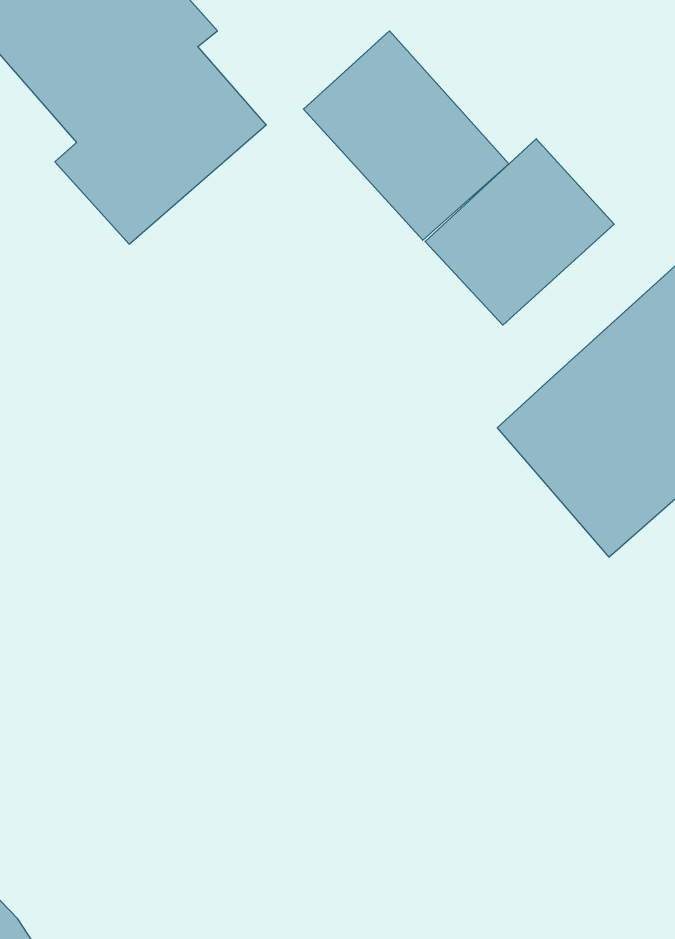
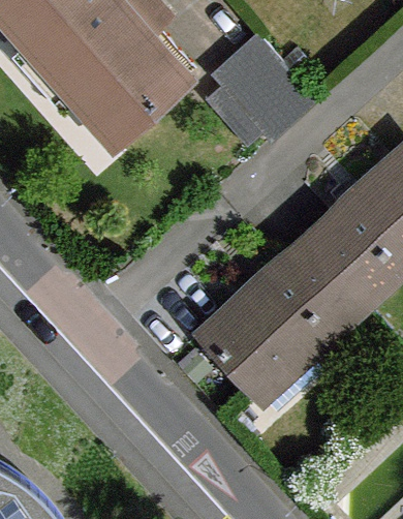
building: [425,139,614,325] -> none
building: none -> [196,245,362,399]

